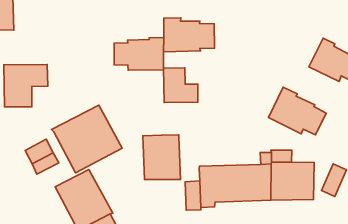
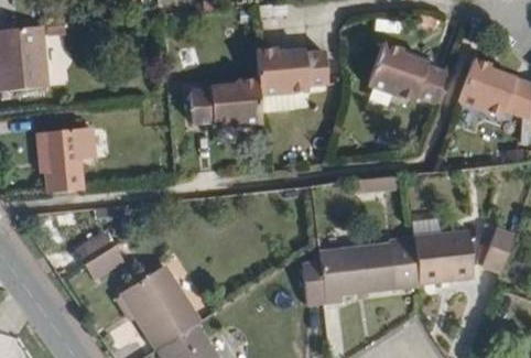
building: [164,68,198,103] -> none
building: [269,87,326,135] -> [366,41,444,102]
building: [52,105,122,173] -> none
building: [143,135,180,180] -> none

